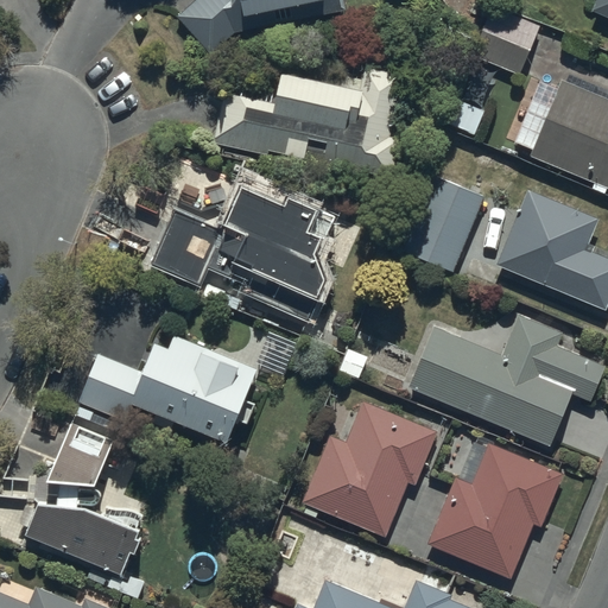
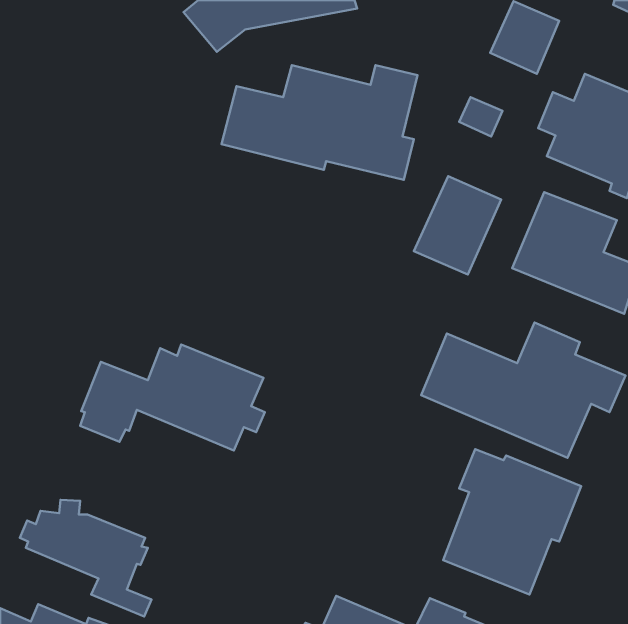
building: [152,183,336,318] -> none
building: [302,400,438,538] -> none
building: [50,420,113,475] -> none

